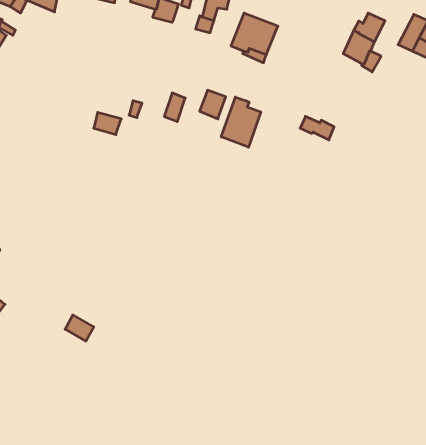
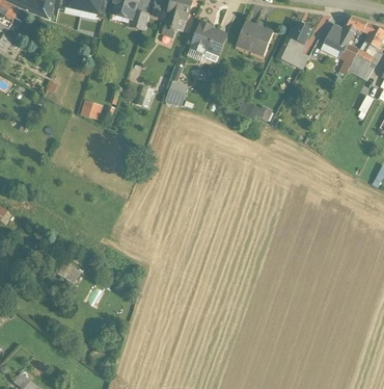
building: none -> [236,21,273,56]
building: [221,97,261,147] -> none

